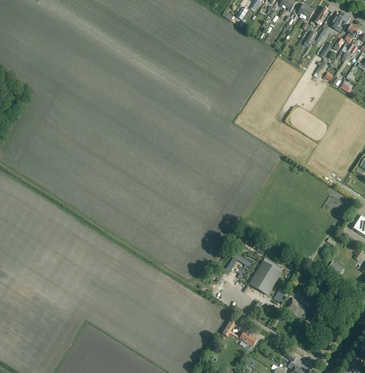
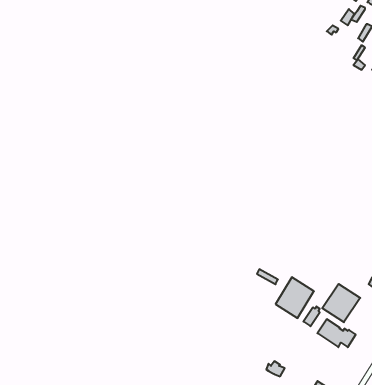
building: none -> [322,284,360,322]

